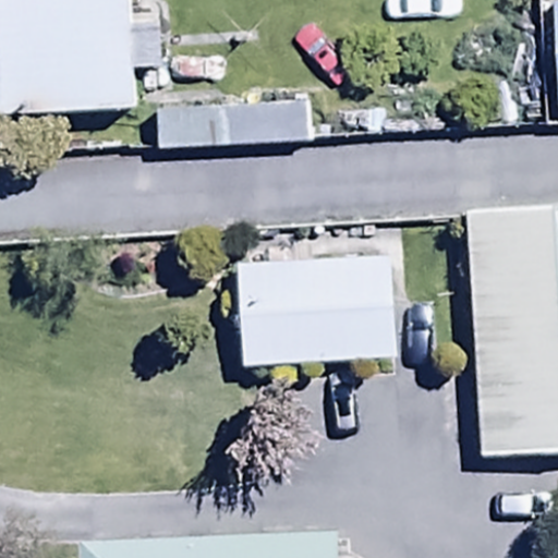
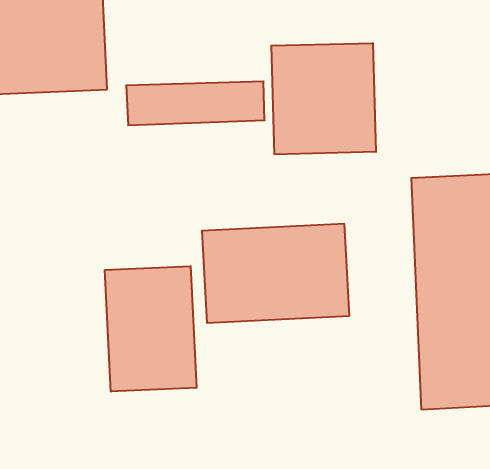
building: none -> [271,43,376,154]
building: none -> [105,266,196,392]

